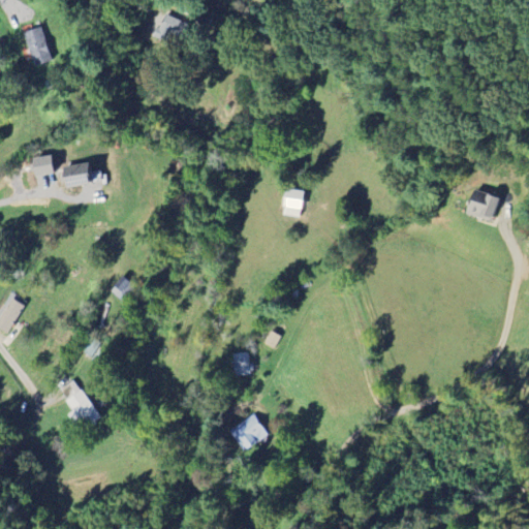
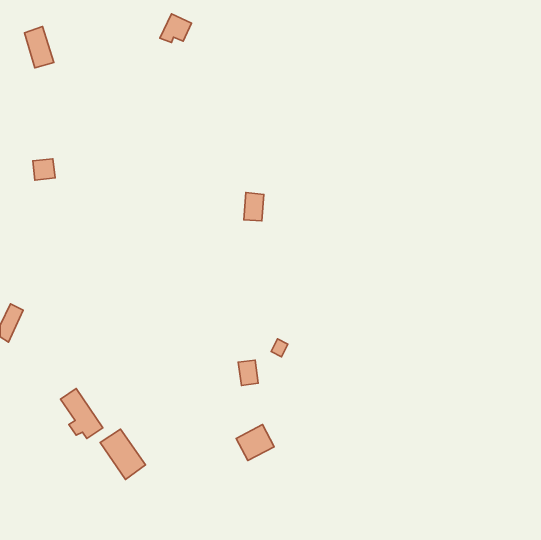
building: [63,162,92,187] -> none
building: [283,188,303,216] -> [244,192,264,221]
building: [466,189,500,222] -> none
building: none -> [100,429,146,480]

